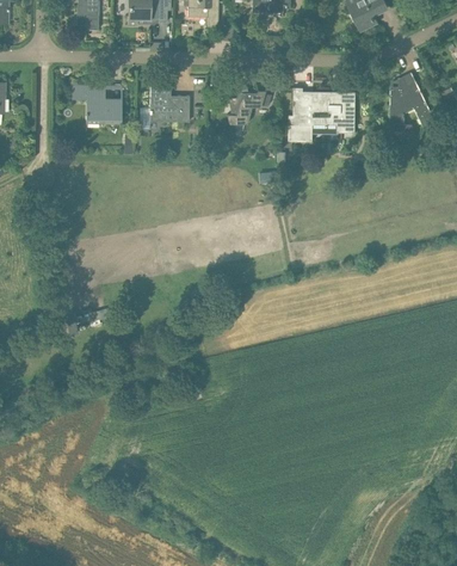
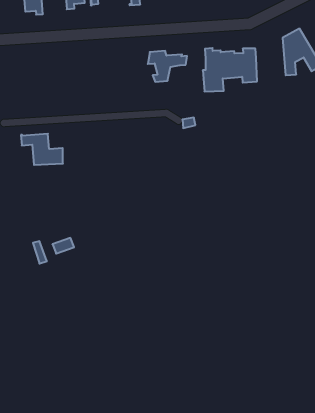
building: [72,84,122,123] -> [21,134,63,165]
building: [149,85,189,121] -> none

